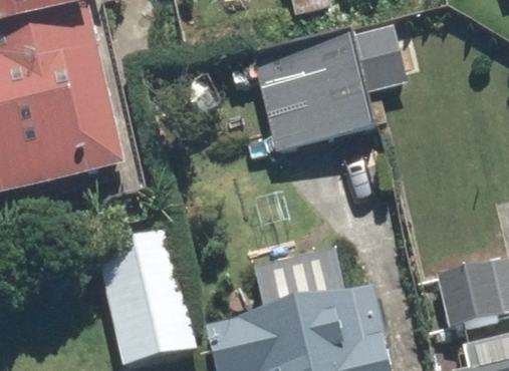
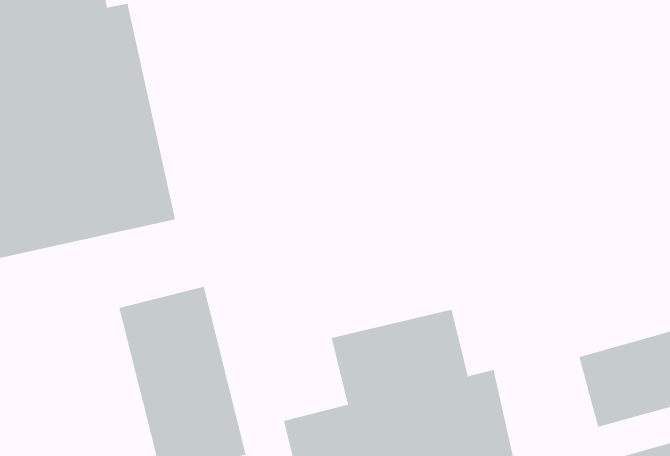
building: [253,24,414,152] -> none

